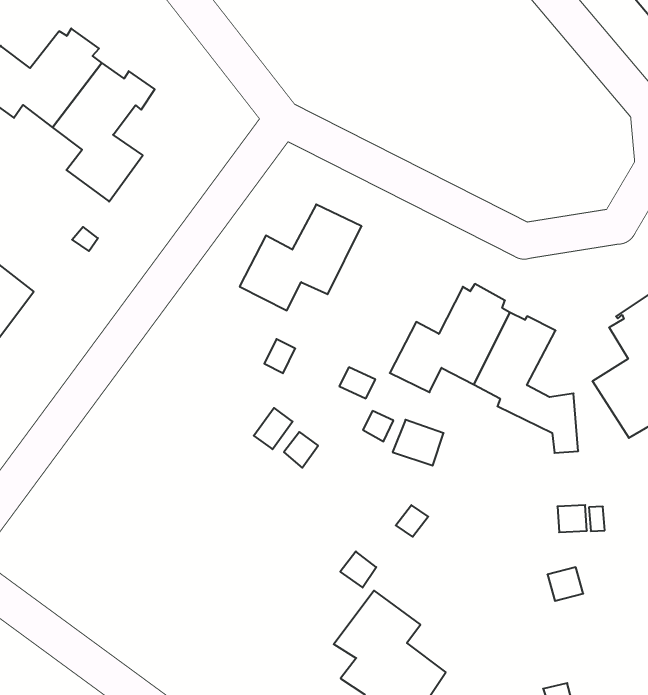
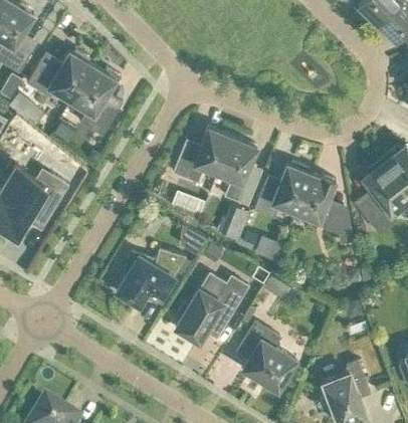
building: none -> [218,137,259,206]
building: none -> [117,248,186,304]
building: none -> [175,272,248,342]

